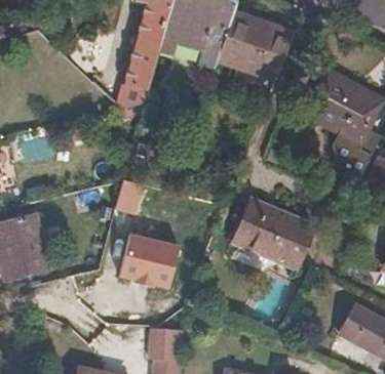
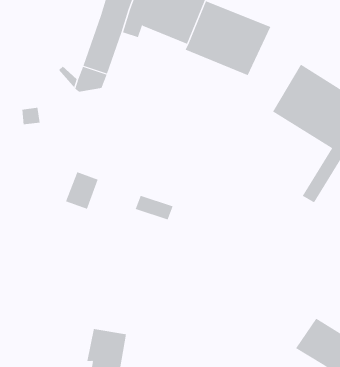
building: [235,199,315,265] -> none
building: [117,234,180,289] -> none

